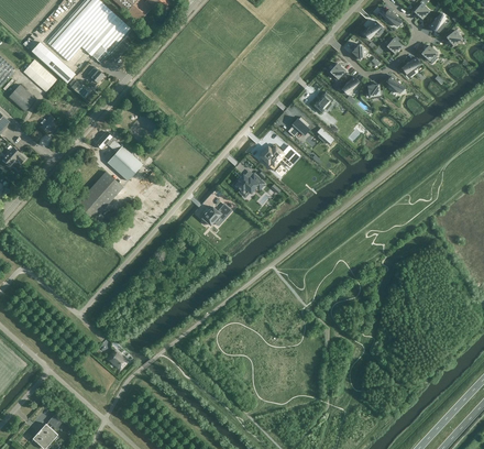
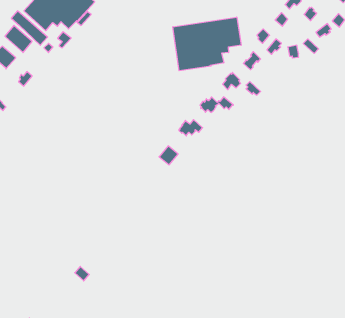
building: none -> [173,17,241,71]
building: [95,131,142,180] -> none
building: [76,171,122,219] -> none

